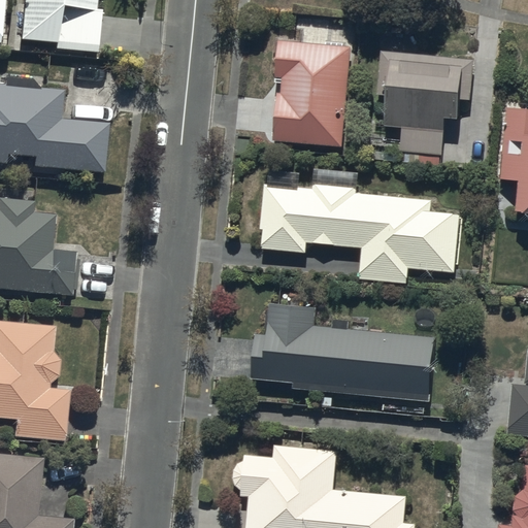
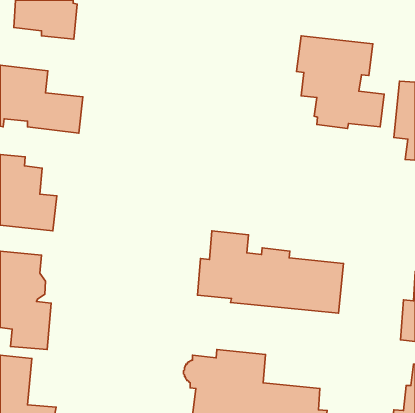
building: [272,40,350,145] -> none
building: [260,176,463,284] -> none

